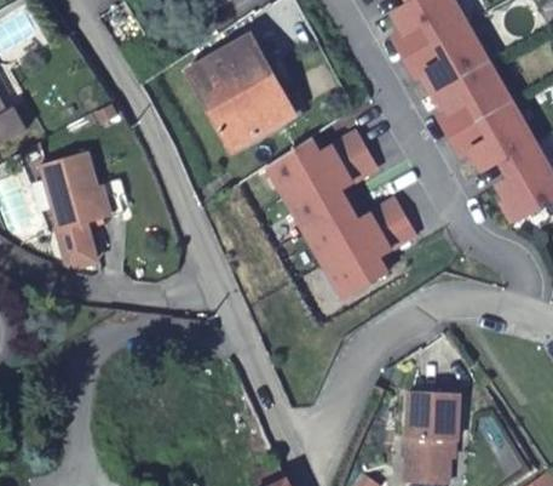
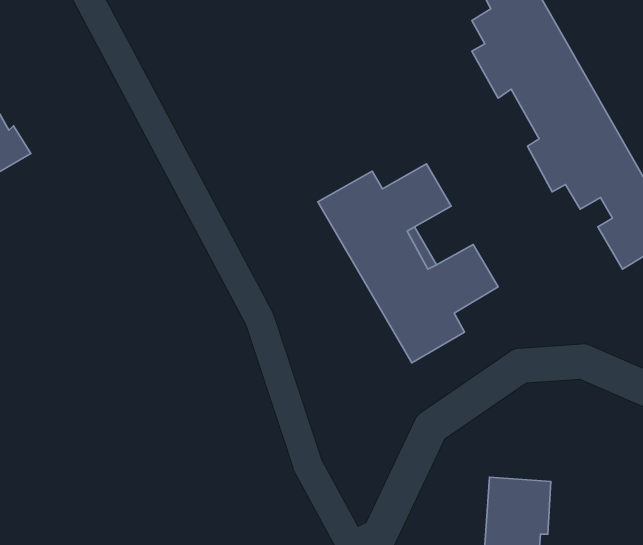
building: [201,42,298,148] -> none
building: [40,149,120,261] -> none

